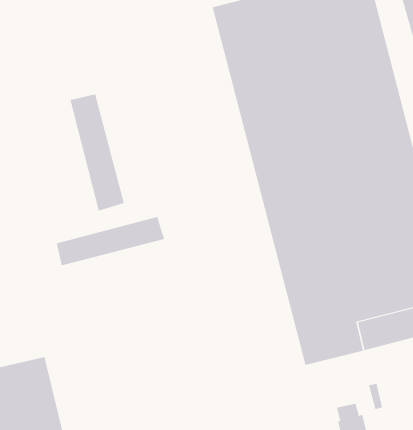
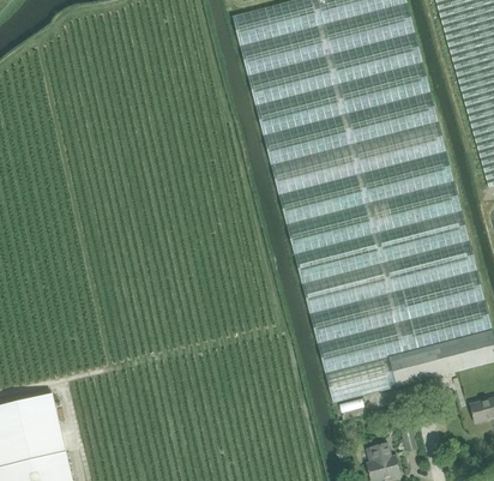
building: [70,93,125,211] -> none
building: [56,216,165,266] -> none

